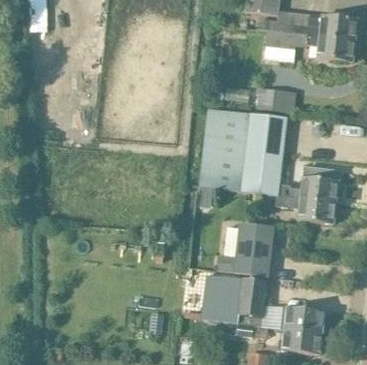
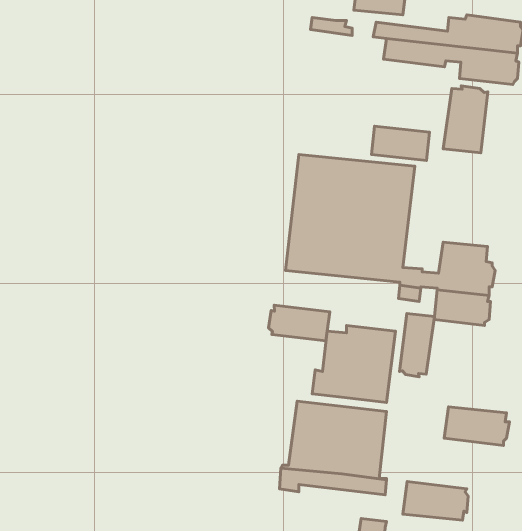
building: none -> [443,86,488,153]
building: none -> [269,305,330,341]
building: none -> [400,314,434,377]
building: [281,307,325,333] -> [444,407,510,445]

